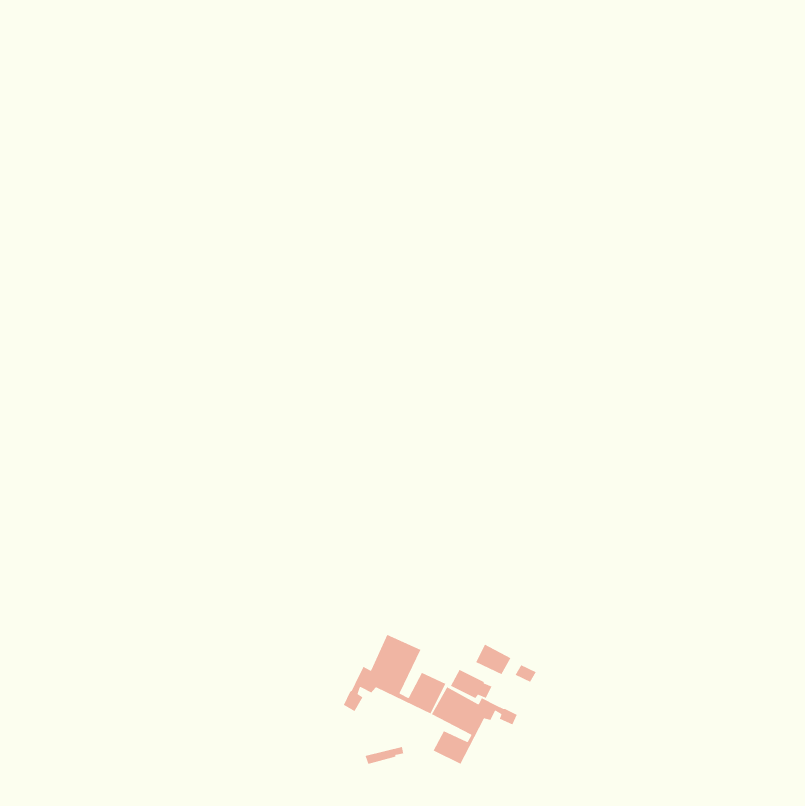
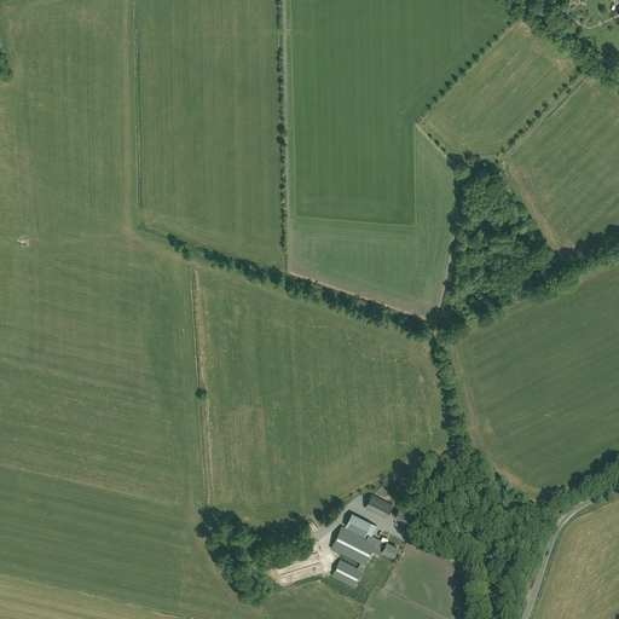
building: [343,634,446,715] -> none

